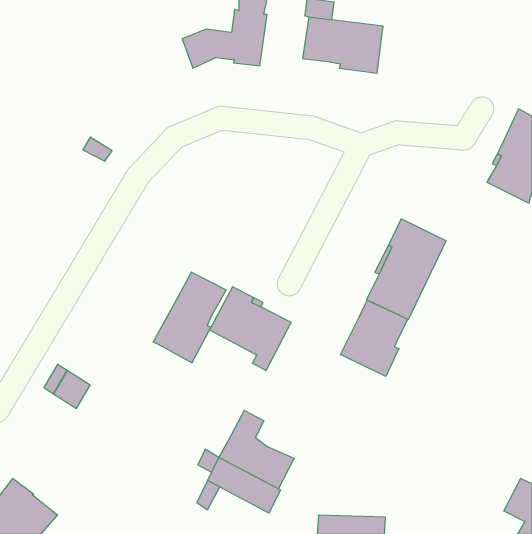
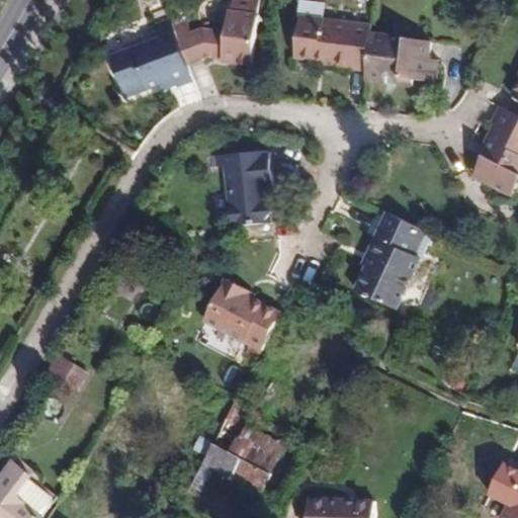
building: none -> [109,13,188,96]
building: none -> [363,31,436,86]
building: none -> [213,150,274,226]
building: [153,272,226,363] -> none
building: [340,300,408,376] -> none

